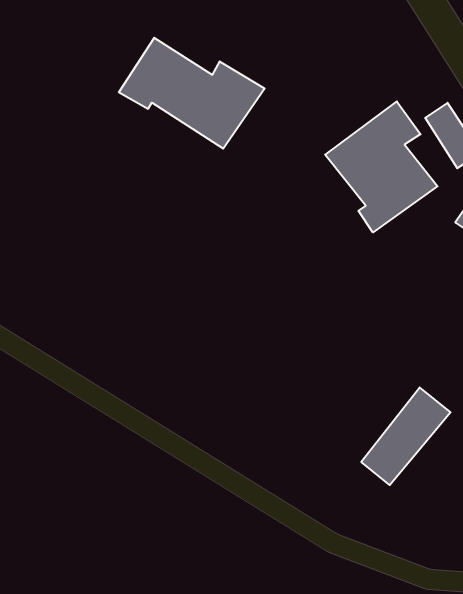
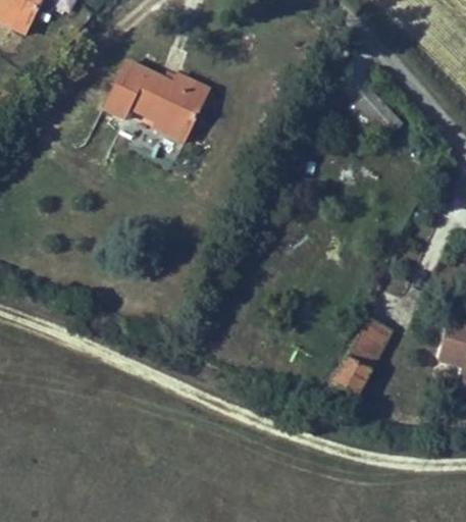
building: [325,101,438,232] -> none

